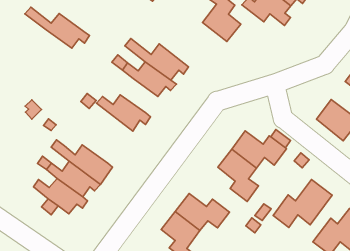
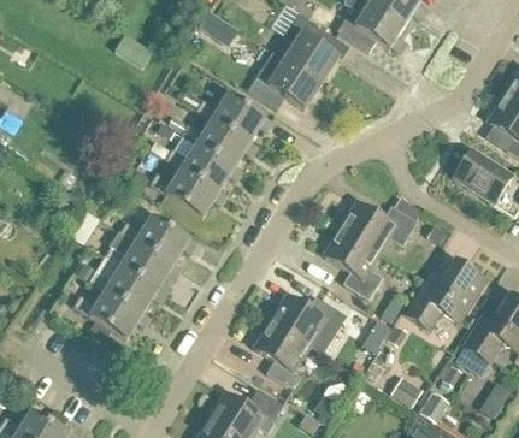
building: [25,7,90,48] -> [149,140,241,190]
building: none -> [247,51,320,110]
building: none -> [119,217,195,264]

